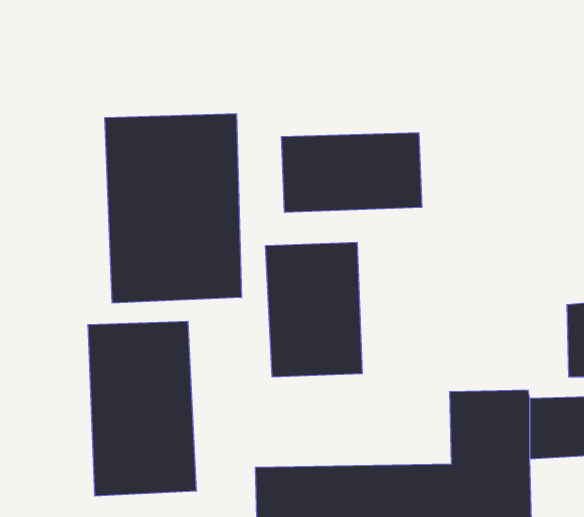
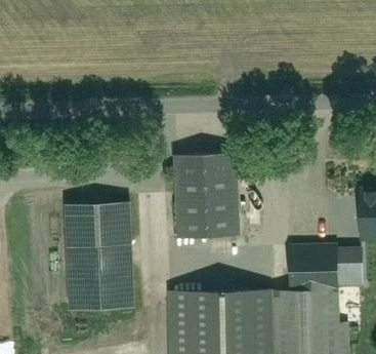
building: [105,114,241,303] -> none
building: [281,133,422,213] -> none

